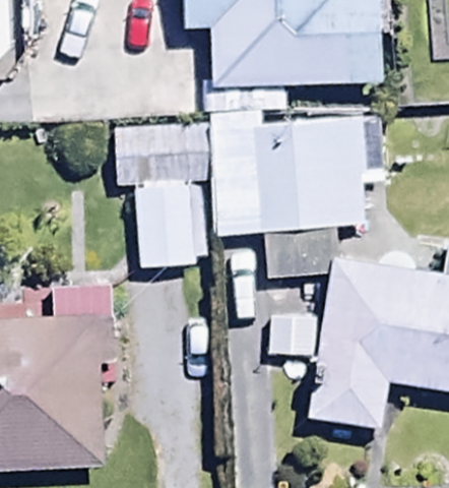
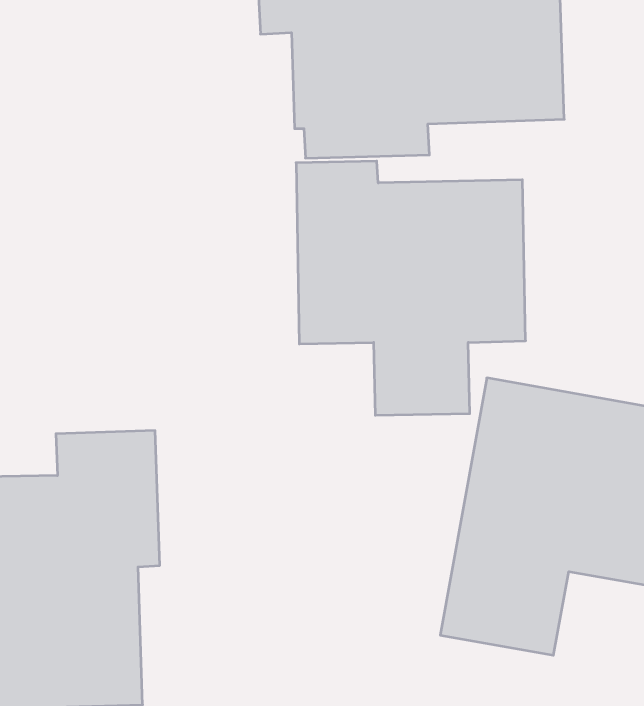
building: [112,123,205,267] -> none

